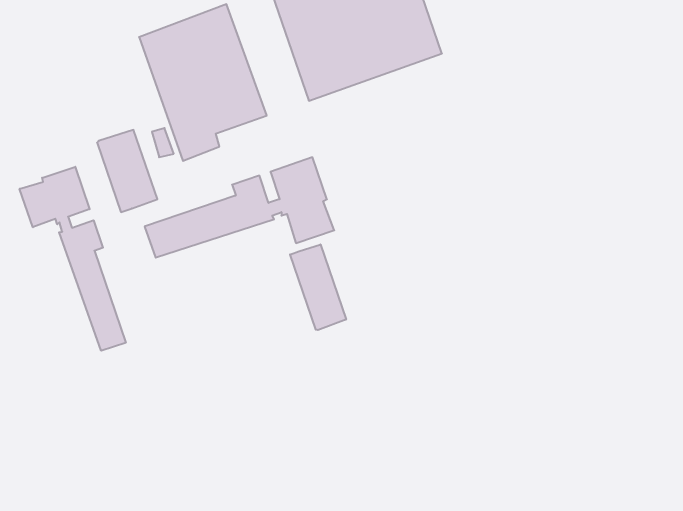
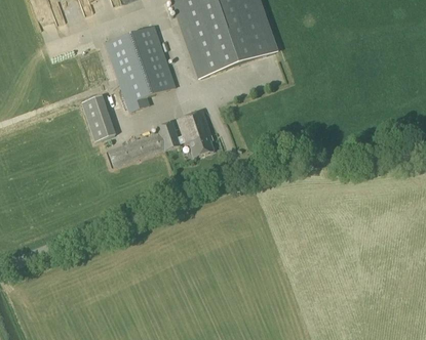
building: [20,167,126,351] -> none
building: [290,244,346,330] -> none

